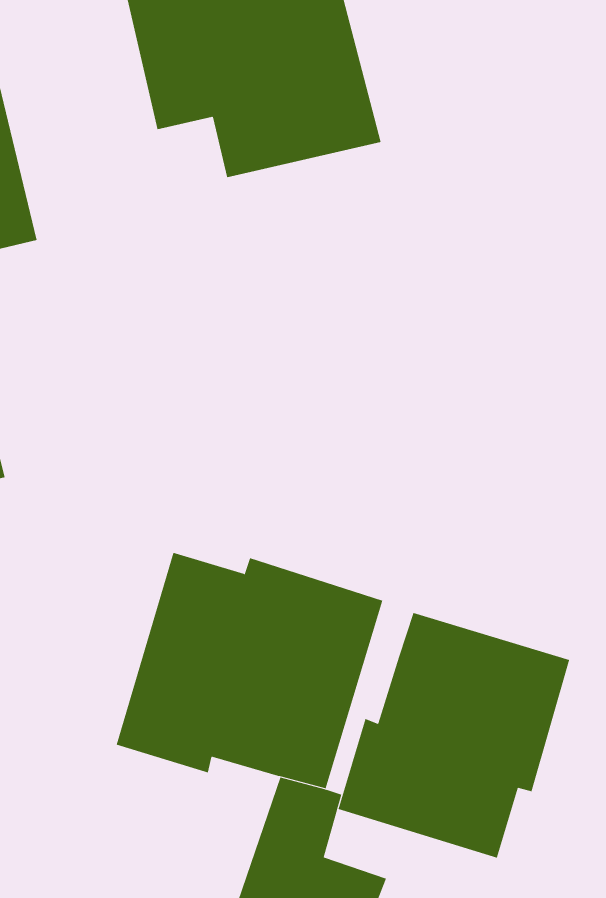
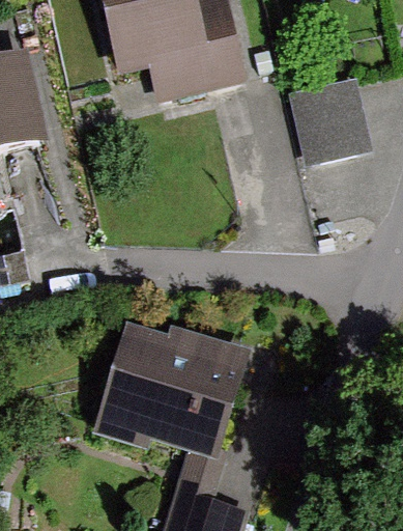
building: none -> [288,78,372,165]
building: [338,612,570,859] -> none

